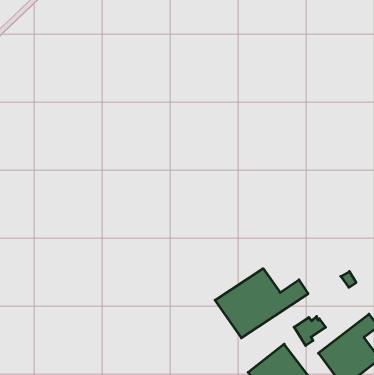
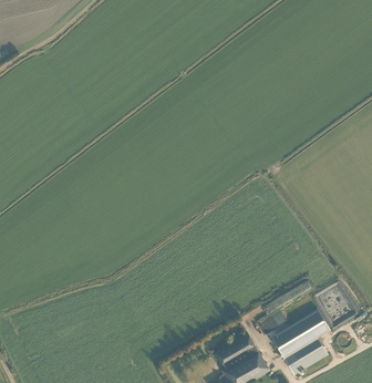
building: [215,269,308,338] -> none

